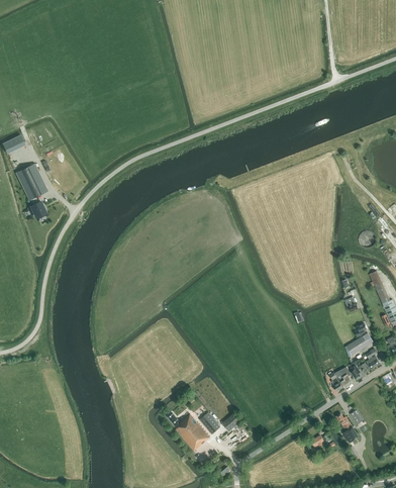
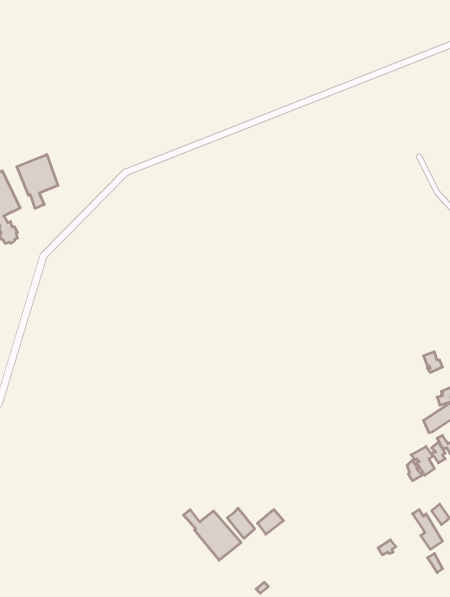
building: none -> [17,154,58,208]

